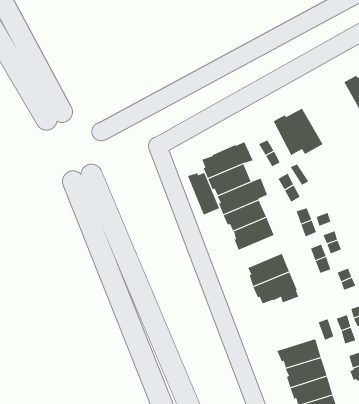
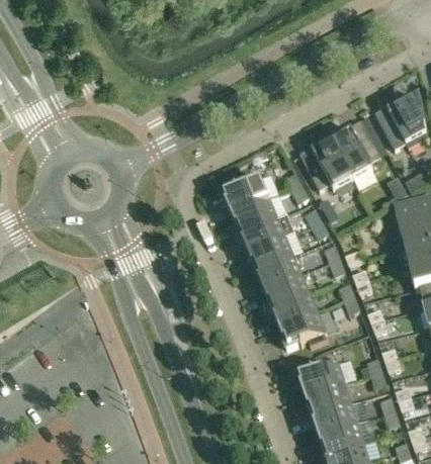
building: none -> [331,121,380,179]
building: [187,170,220,215] -> none
building: none -> [263,275,310,310]
building: none -> [296,358,345,397]

